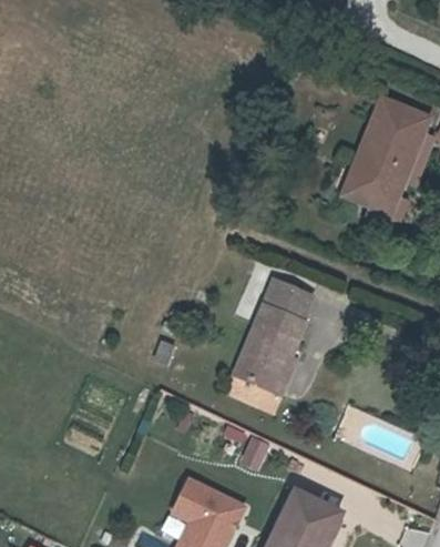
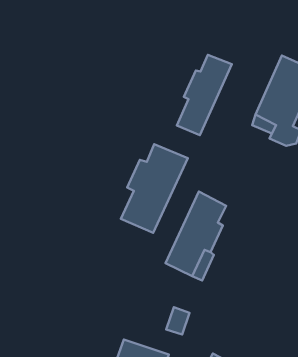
building: none -> [177,55,232,135]
building: none -> [121,144,188,233]

